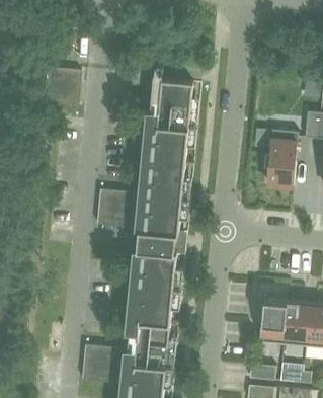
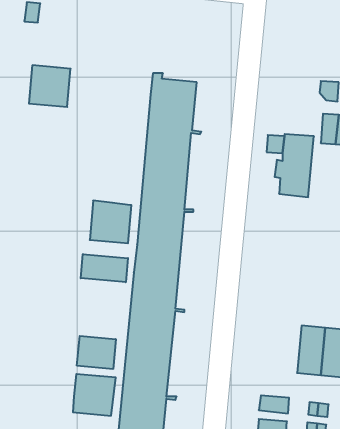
building: none -> [81,254,128,282]
building: [260,300,287,344] -> none
building: none -> [77,336,116,369]

